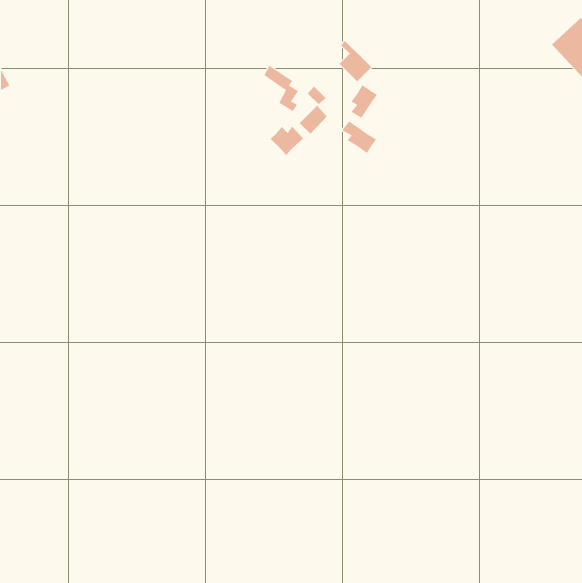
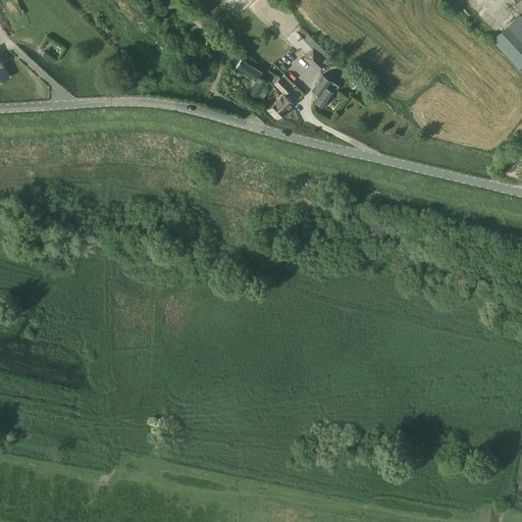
building: [341,121,377,154] -> none
building: [269,126,304,156] -> none

